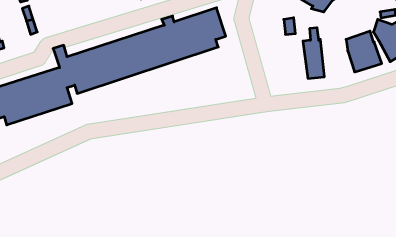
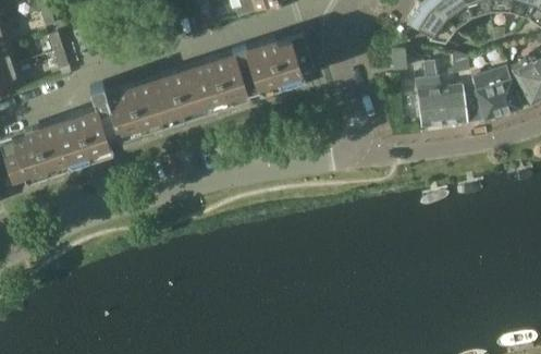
building: none -> [439,50,483,123]

